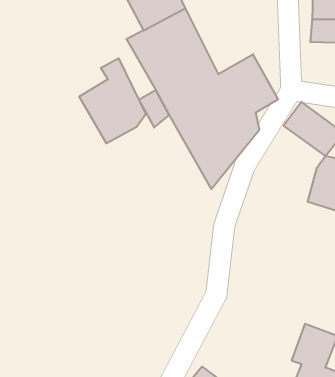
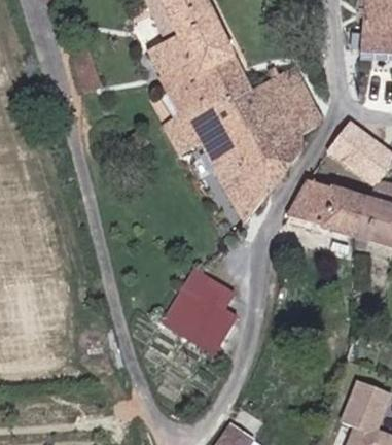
building: [79,58,146,143] -> none
building: none -> [288,179,365,235]
building: none -> [162,264,239,352]

